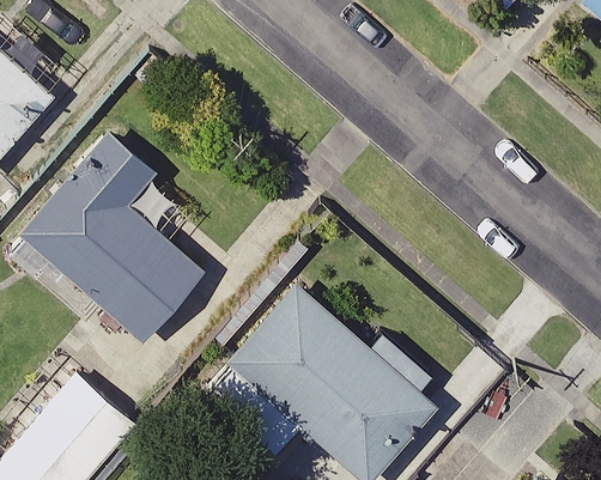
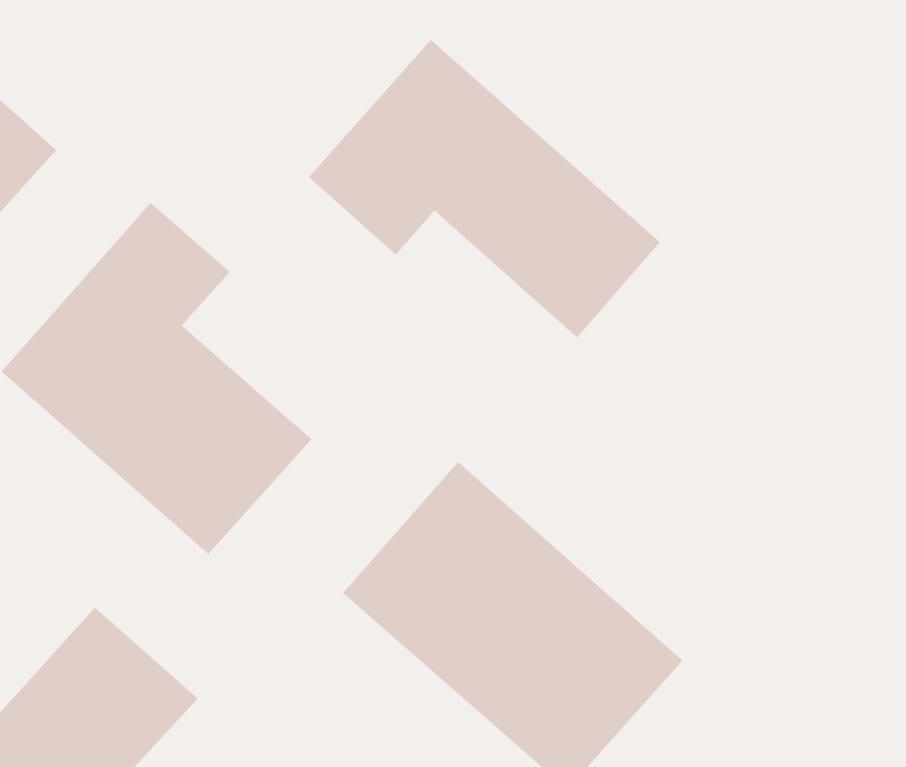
building: none -> [308,39,660,338]

